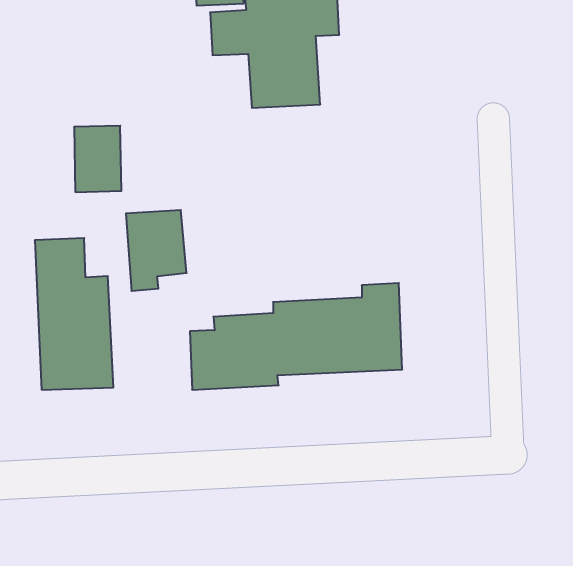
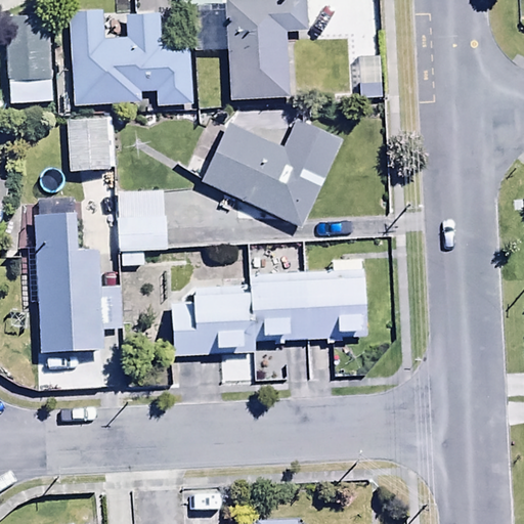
building: none -> [69,6,194,105]
building: none -> [6,12,55,104]
building: none -> [200,120,339,225]

